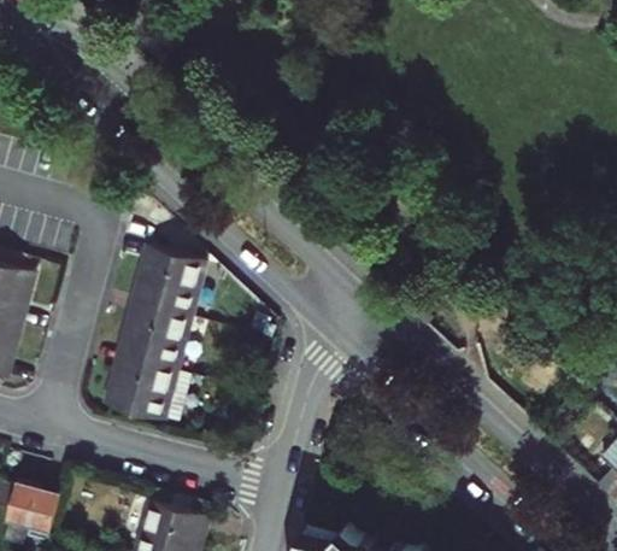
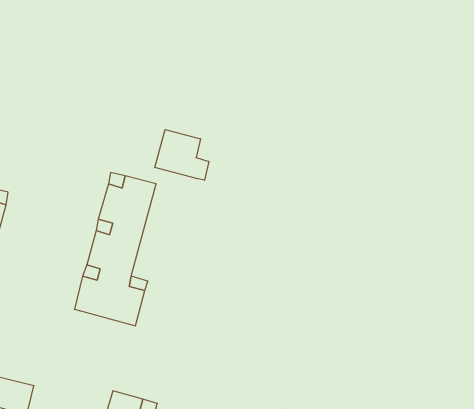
building: none -> [155,130,209,180]

